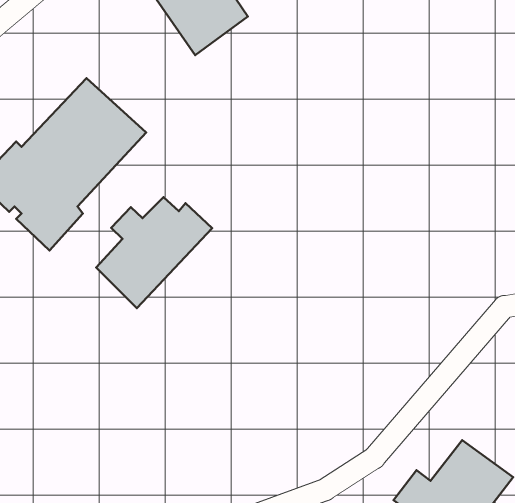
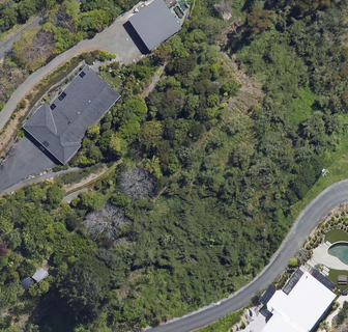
building: [96,197,212,308] -> none

